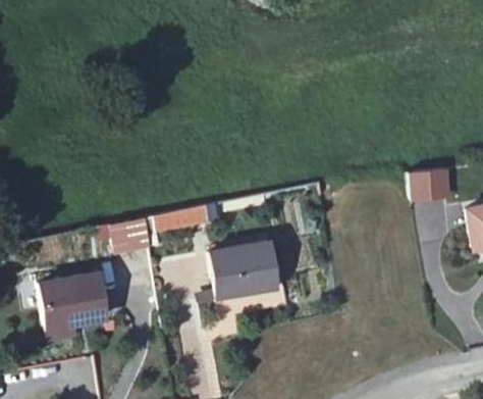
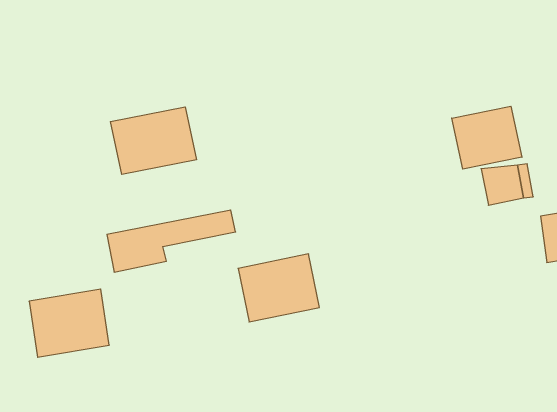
building: none -> [452,106,522,169]
building: none -> [110,107,196,174]

